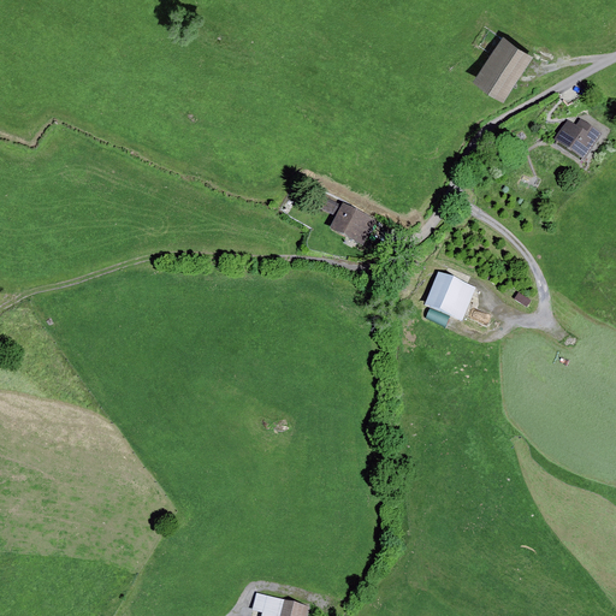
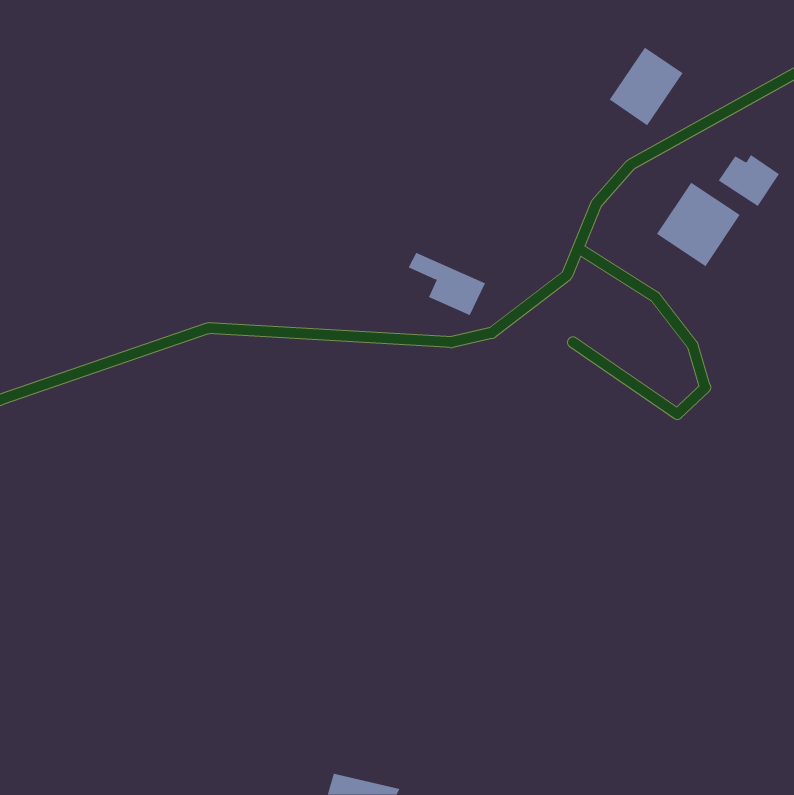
building: none -> [656,182,741,267]
building: [425,273,476,322] -> none

